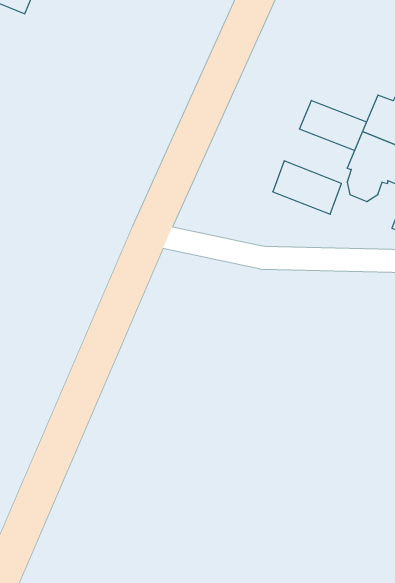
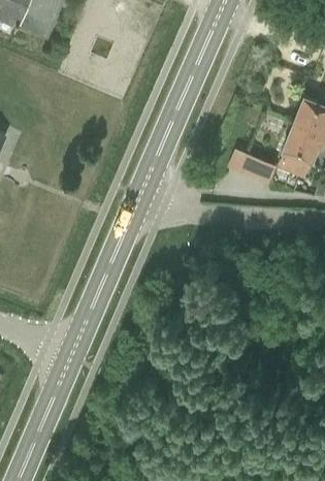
building: [300,100,366,151] -> none

